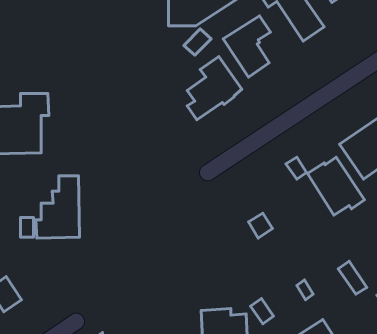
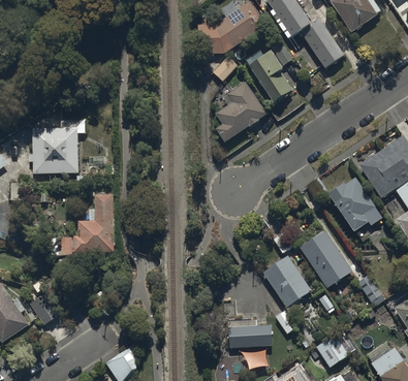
building: none -> [300,231,352,289]
building: none -> [262,256,312,315]

